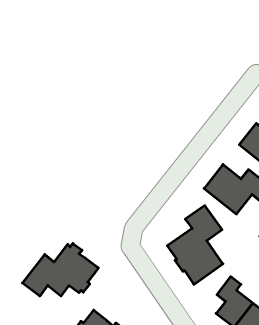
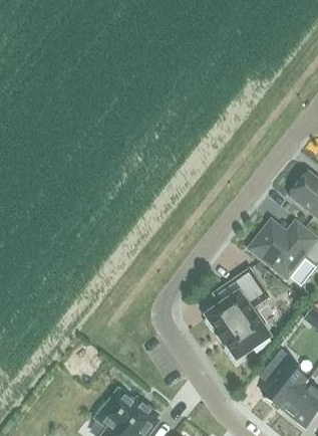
building: [22,243,98,296] -> none

